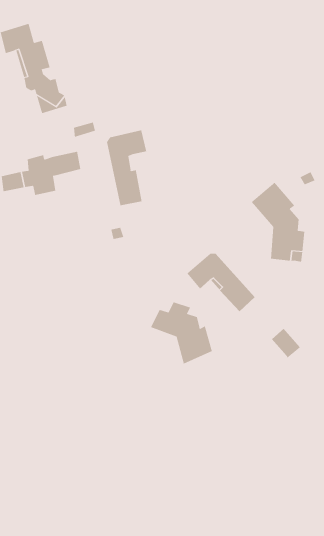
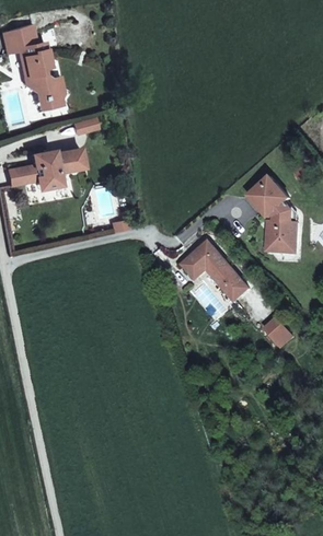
building: [106,129,147,206] -> none
building: [150,302,213,365] -> none

